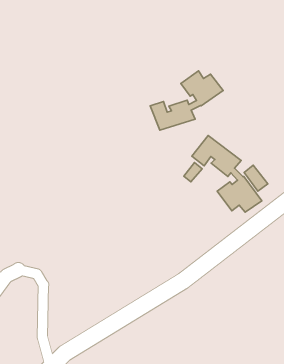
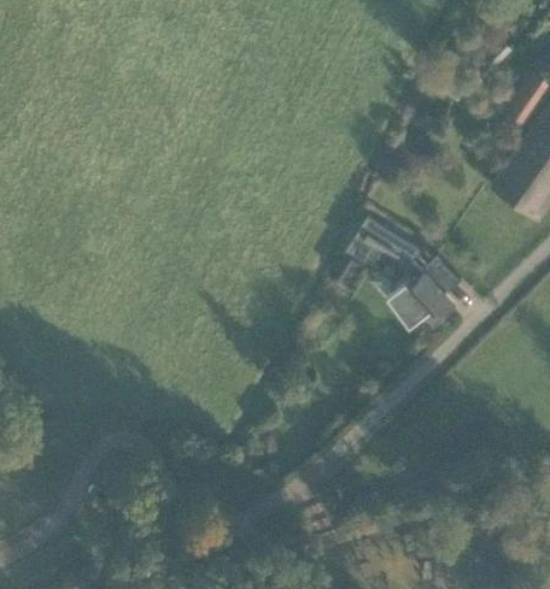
building: [150,71,223,130] -> none

